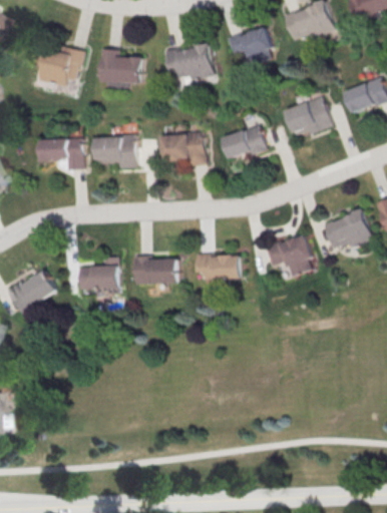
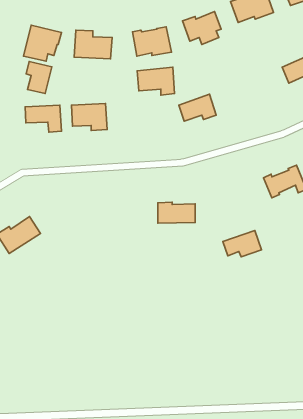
building: none -> [26,62,52,94]
building: [287,99,331,135] -> none
building: [161,133,206,166] -> [137,67,174,95]
building: [267,235,313,267] -> [223,231,262,257]
building: [136,255,180,285] -> none
building: [80,258,120,289] -> none

